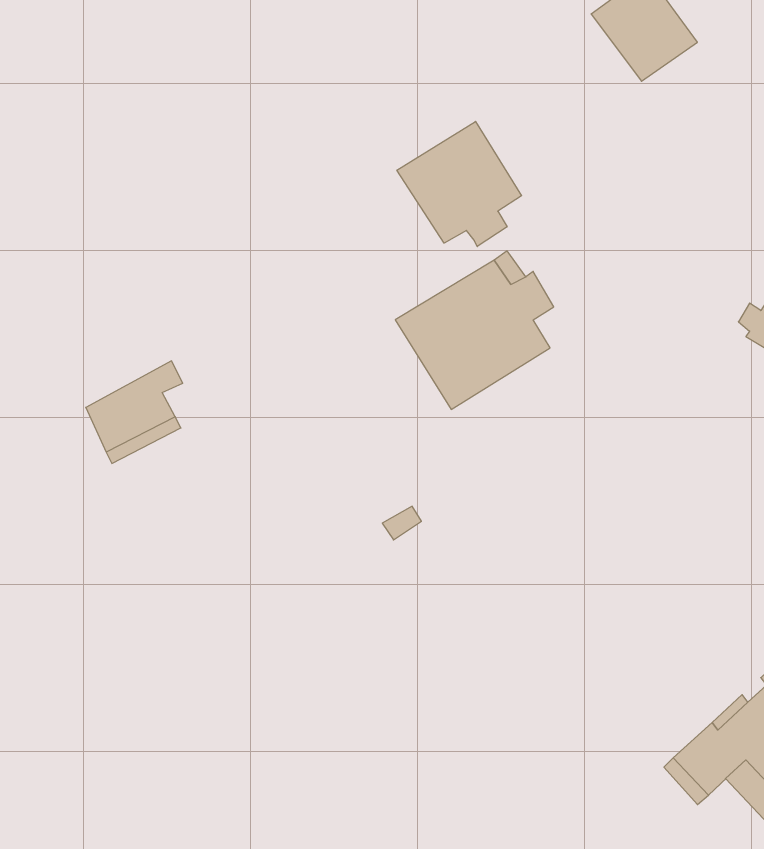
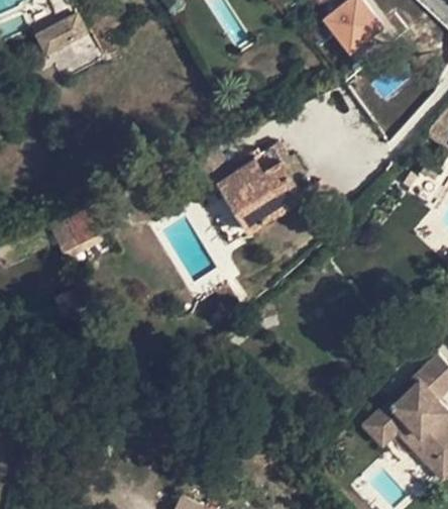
building: none -> [31,16,89,68]
building: [397,121,522,247] -> none

